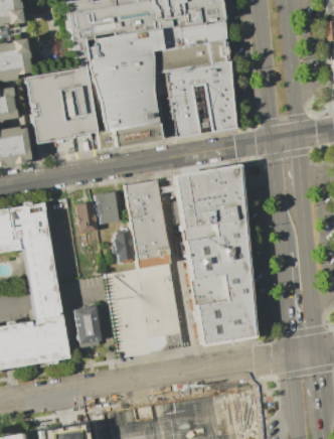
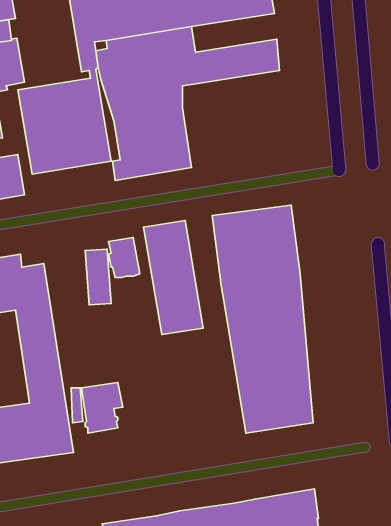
building: [161,18,227,48] -> none
building: [166,62,237,136] -> none
building: [115,233,136,263] -> none
building: [108,263,183,358] -> none

